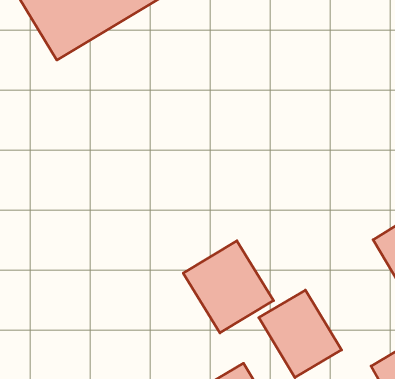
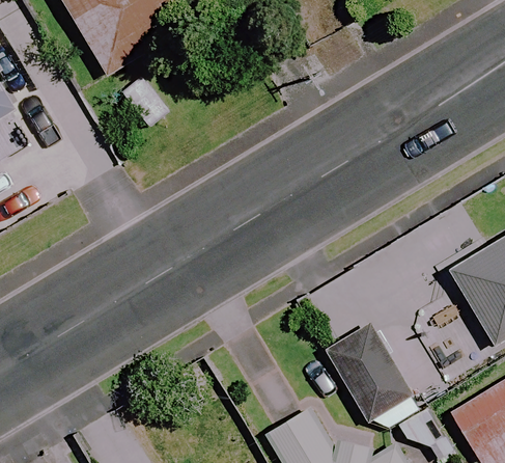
building: [183,241,274,333] -> none

